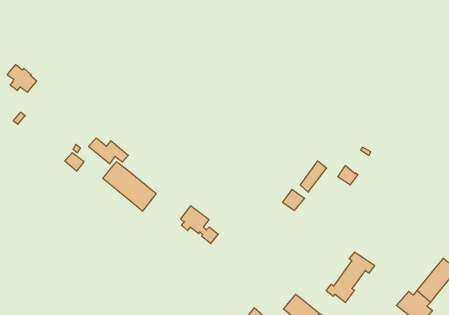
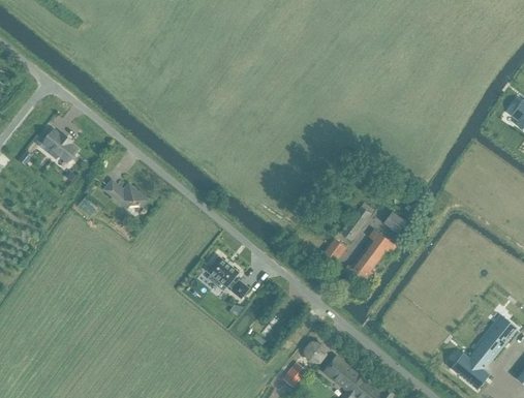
building: [7,65,37,92] -> [44,129,78,160]
building: [103,162,156,211] -> none
building: [326,252,375,303] -> [342,228,397,285]
building: none -> [302,339,327,363]

